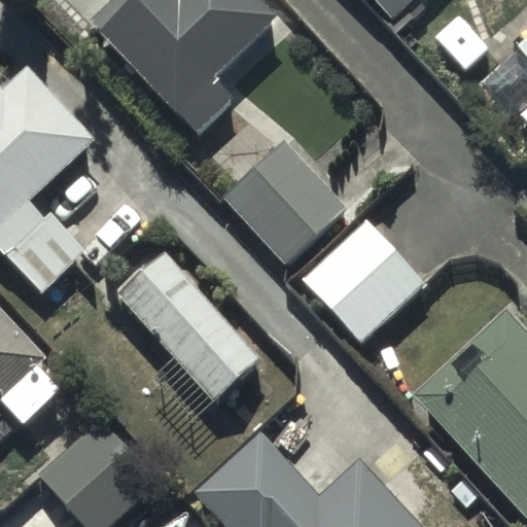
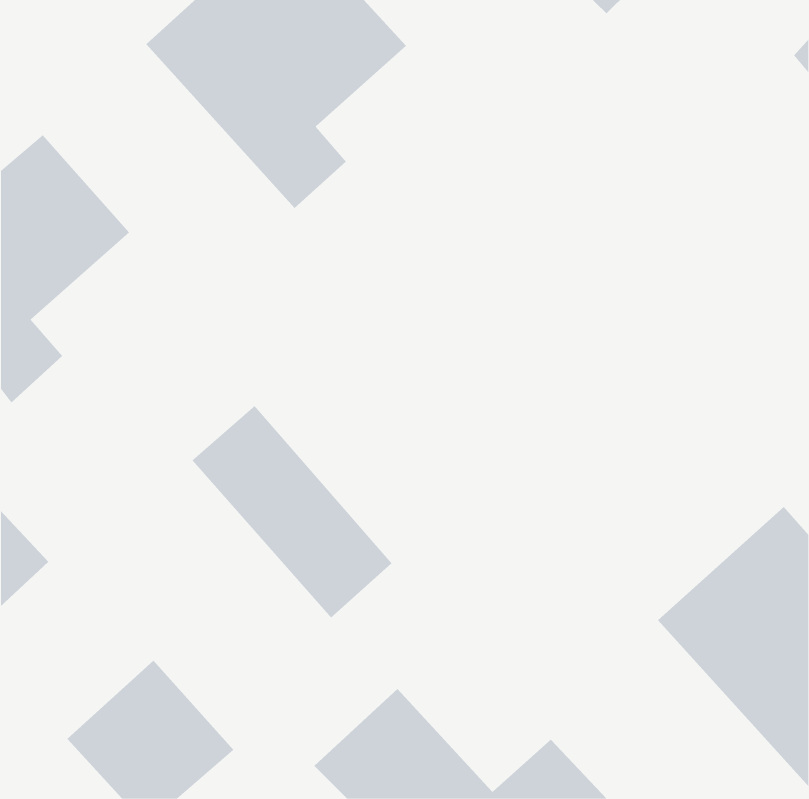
building: [217,127,349,259] -> none
building: [301,213,425,338] -> none

